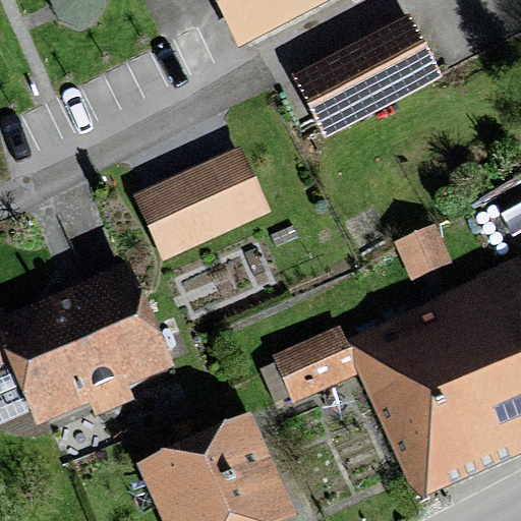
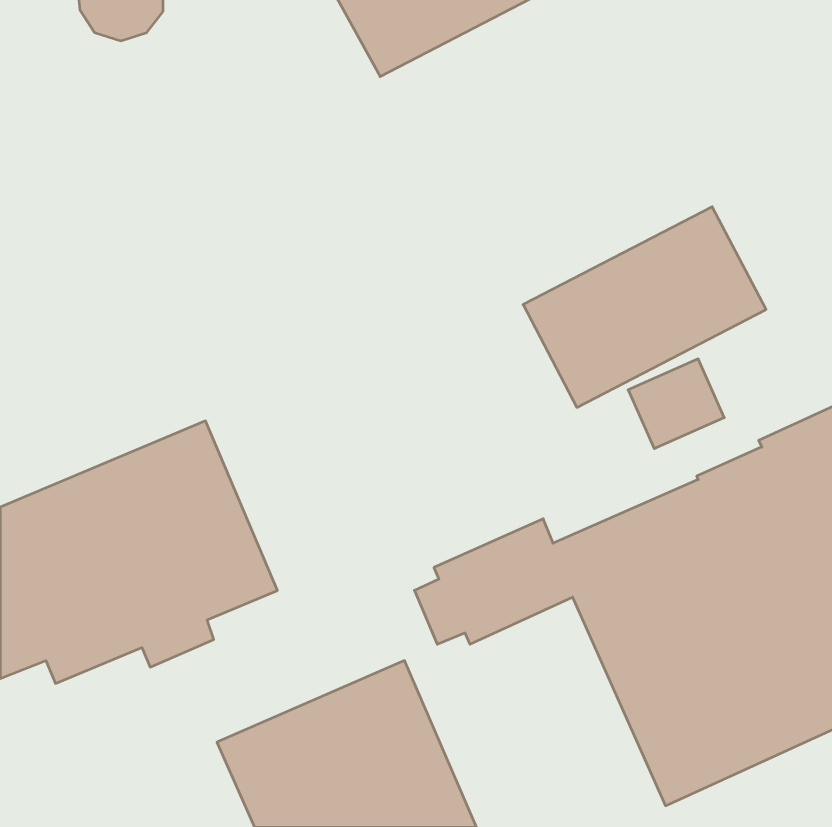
building: [291,14,443,139] -> [523,207,766,407]
building: [132,144,271,259] -> none

